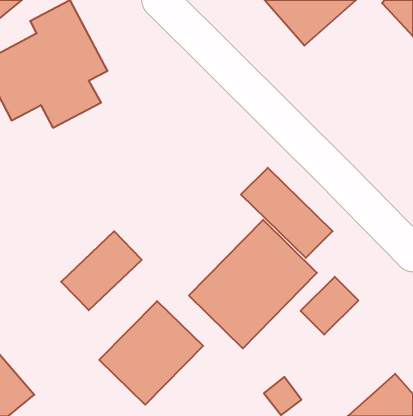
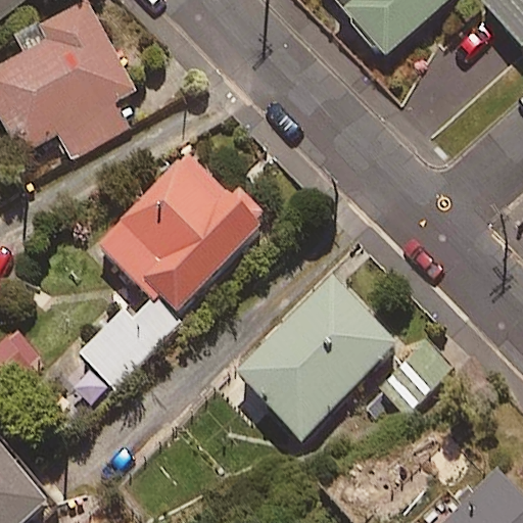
building: none -> [98,143,269,313]
building: [241,168,333,258] -> none
building: [99,301,203,405] -> none

